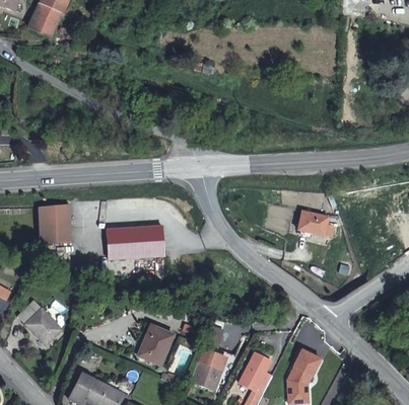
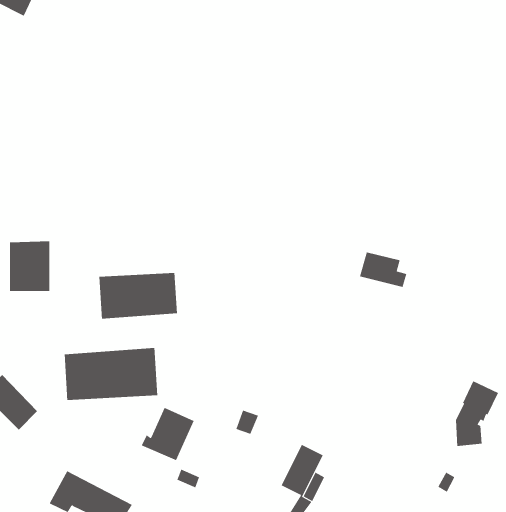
building: none -> [64,347,158,401]
building: [287,349,320,398] -> [455,380,499,446]
building: [192,350,226,391] -> none

